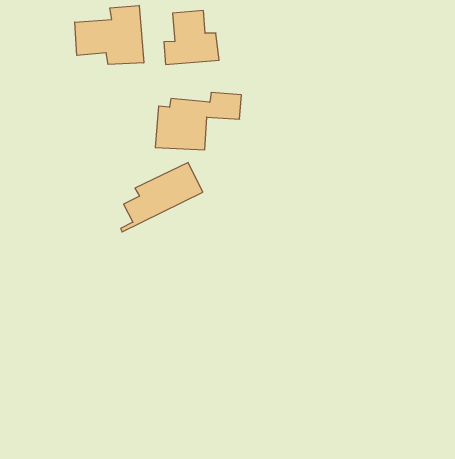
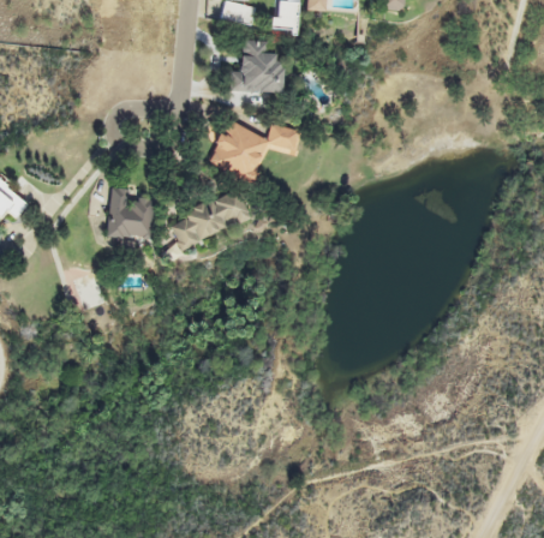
building: [75,5,144,64] -> none
building: none -> [107,186,156,240]

